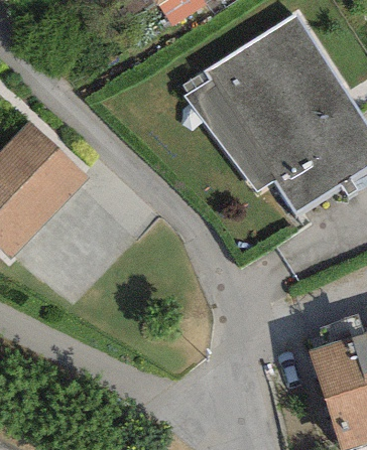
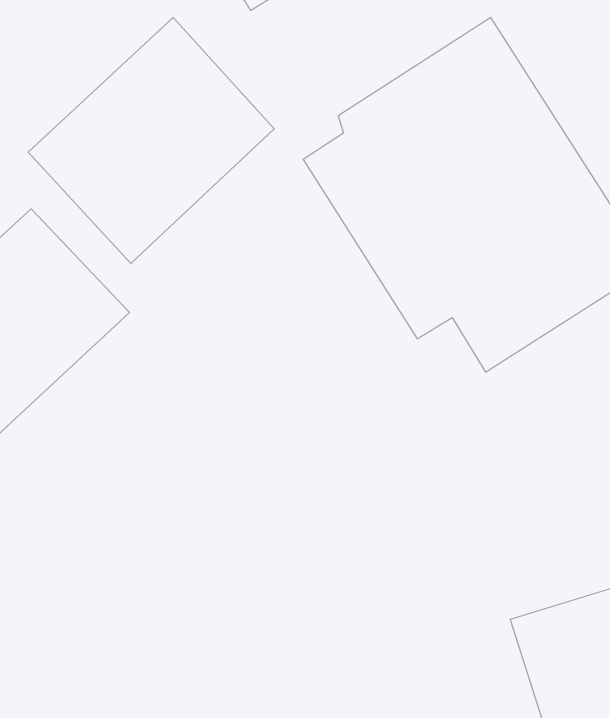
building: none -> [28,18,274,264]

